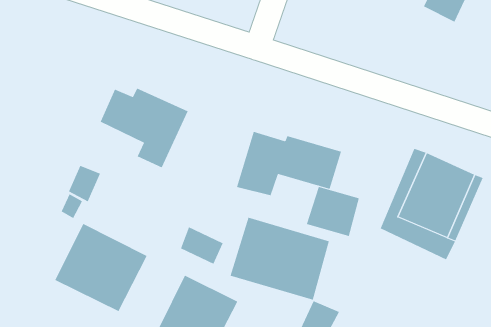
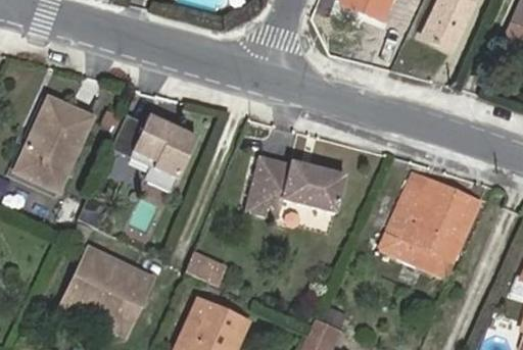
building: none -> [17,95,94,185]
building: [306,186,360,237] -> none
building: [230,217,330,300] -> none

